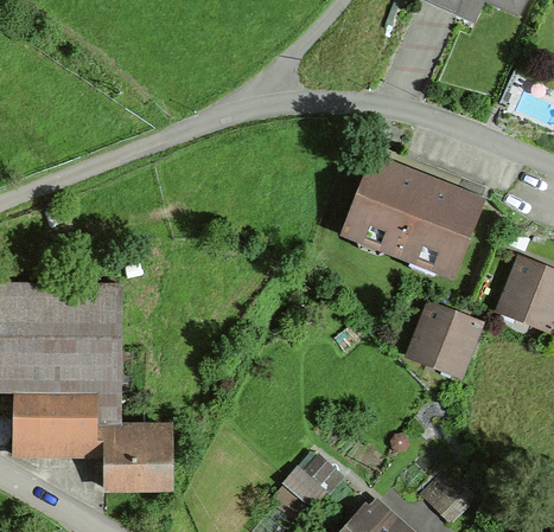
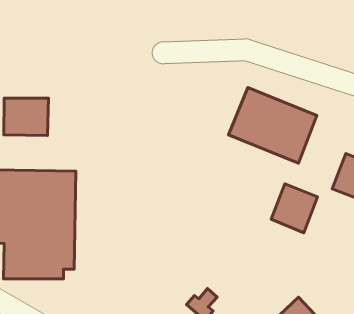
building: none -> [4,98,49,135]
building: [103,429,170,488] -> none

